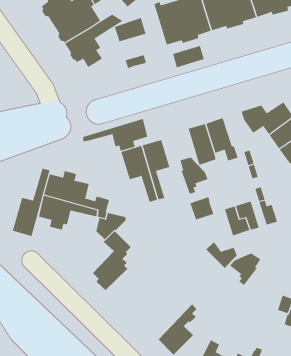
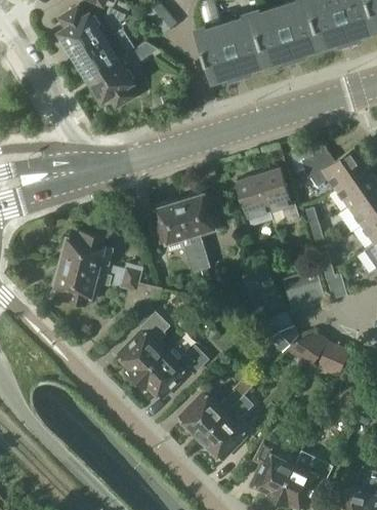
building: [114,17,146,42] -> none
building: [172,45,205,68] -> none
building: [82,118,148,151] -> none
building: [180,157,208,195] -> none
building: [12,168,50,237] -> none
building: none -> [316,341,348,377]
building: none -> [136,344,209,396]
building: none -> [180,380,251,438]

